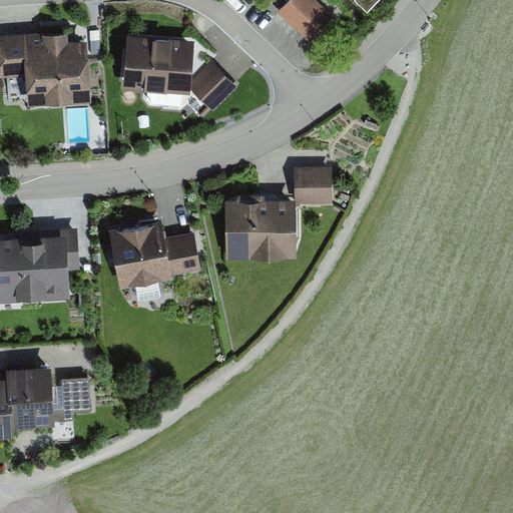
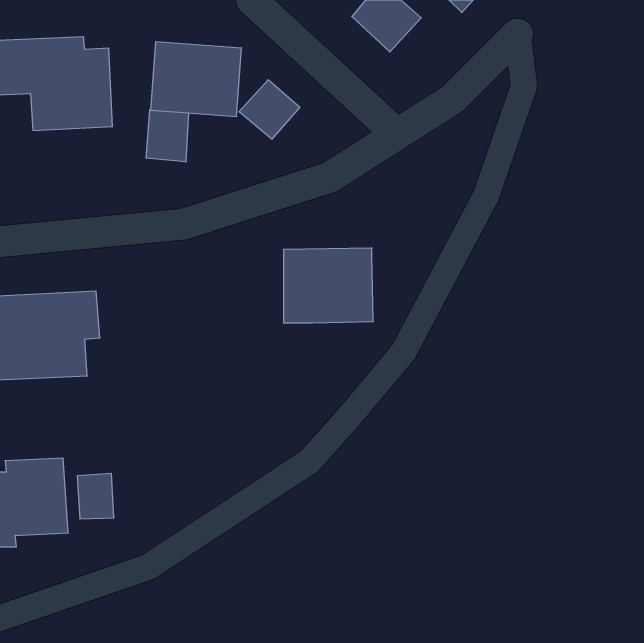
building: none -> [146,110,189,162]
building: [294,167,331,204] -> none
building: [108,220,200,288] -> none

